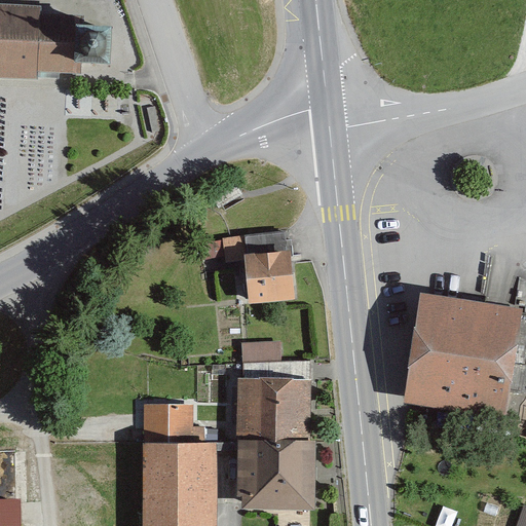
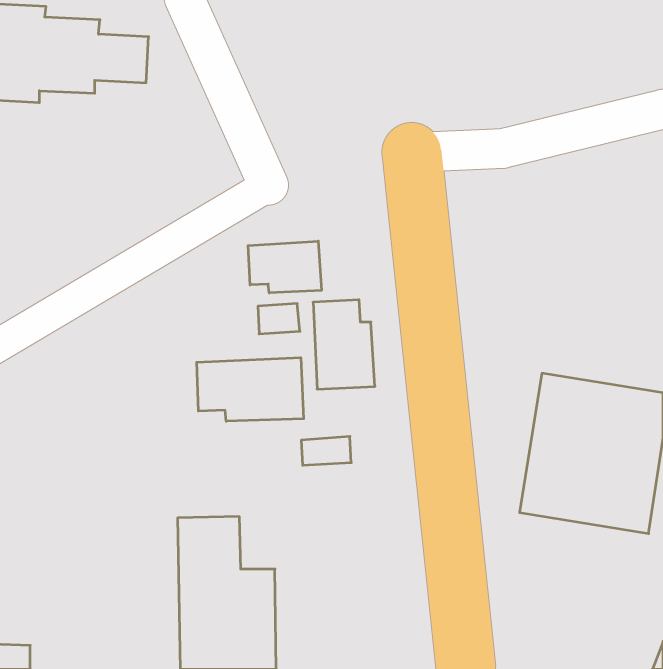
building: none -> [248,241,321,293]
building: none -> [197,358,304,421]
building: [237,379,315,513] -> none

